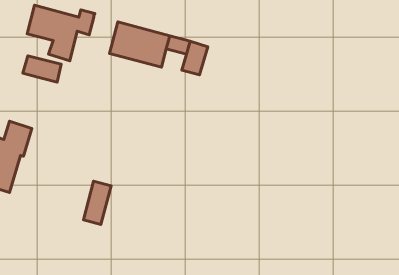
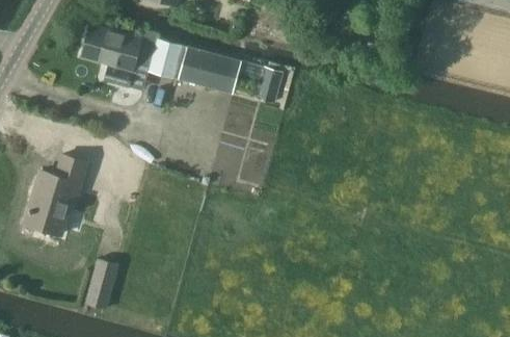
building: none -> [146,36,183,79]
building: [23,56,61,82] -> none
building: [83,181,111,225] -> [85,260,116,309]

